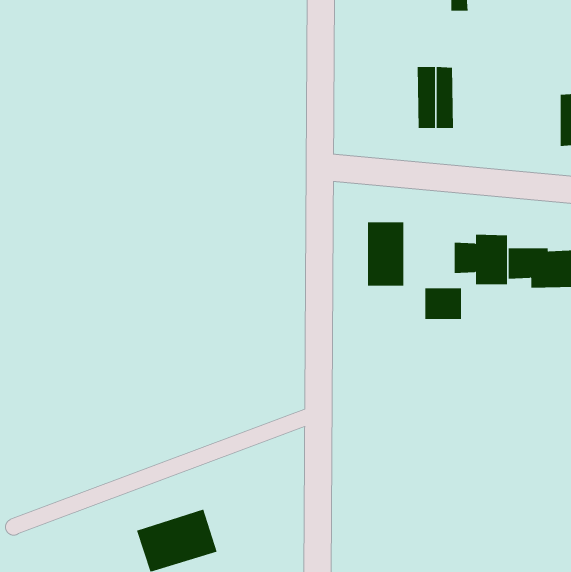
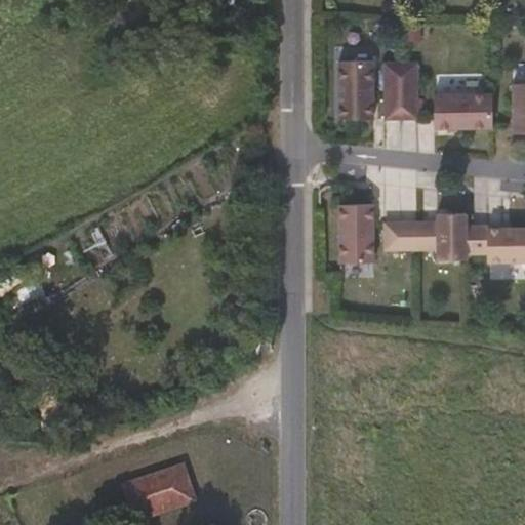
building: none -> [338,58,372,118]
building: none -> [434,91,493,128]
building: [425,288,462,319] -> [383,220,417,249]

